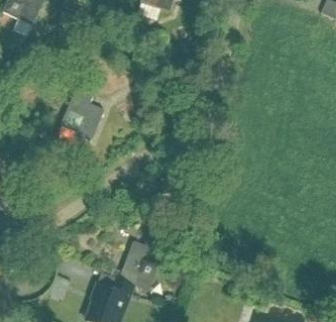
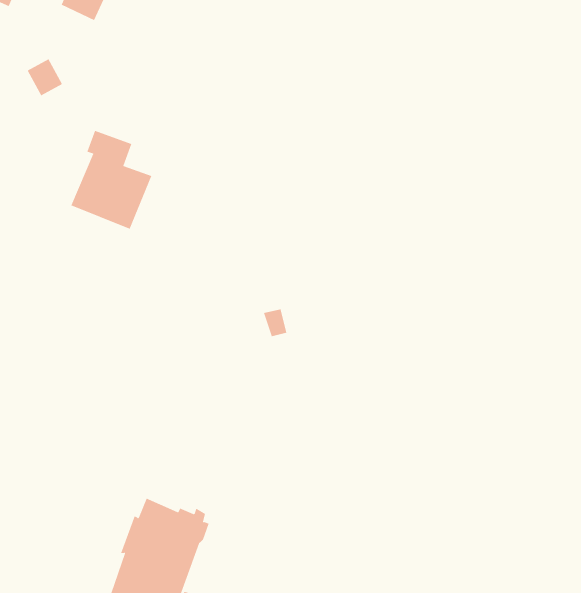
building: [118,229,167,289] -> none

